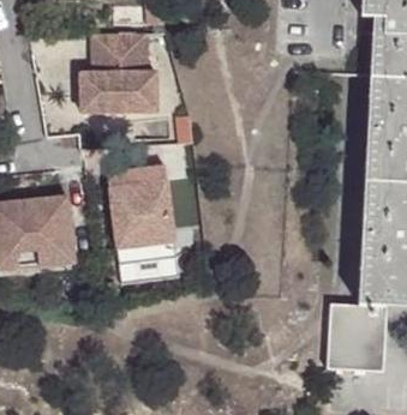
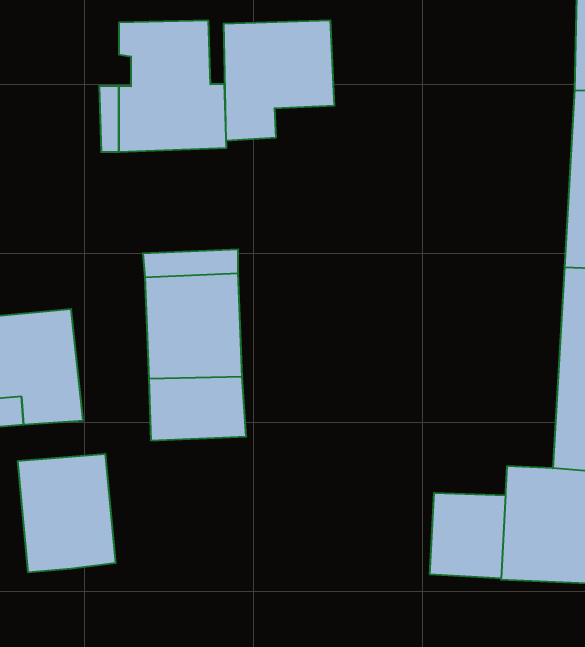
building: none -> [224,20,334,141]
building: none -> [18,454,115,572]
building: none -> [430,493,505,578]

